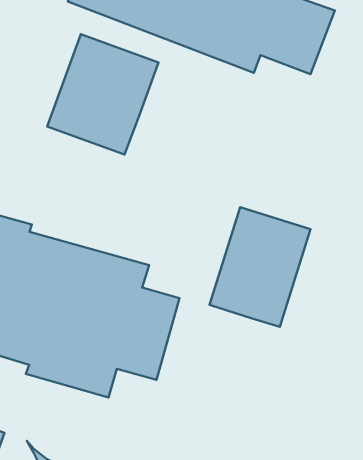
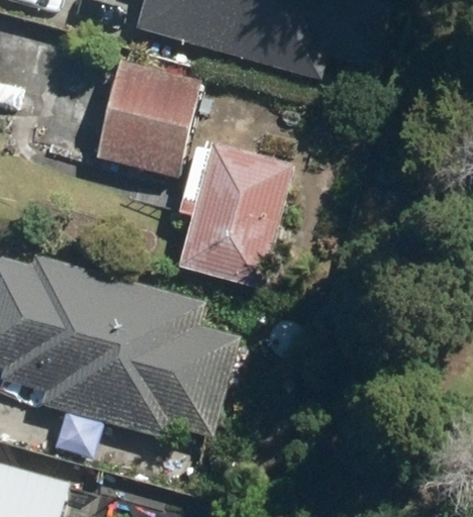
building: none -> [177,134,303,292]
building: [209,207,311,327] -> none

